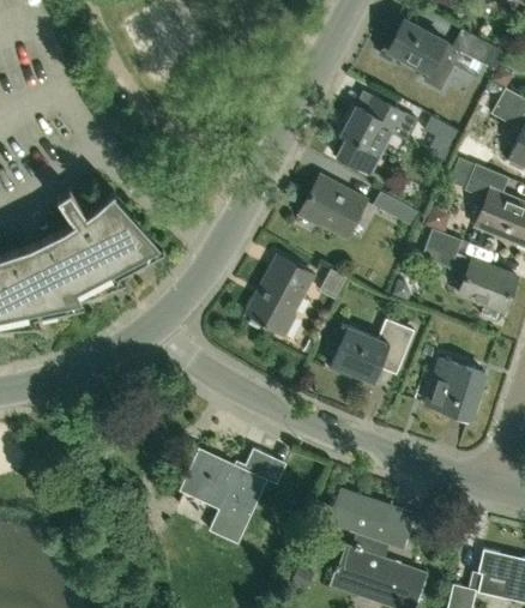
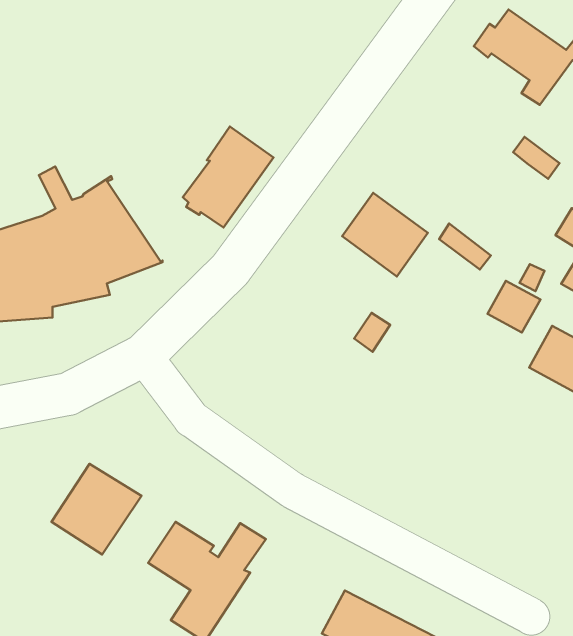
building: [334,100,416,175] -> none
building: [247,255,313,335] -> [183,127,274,228]
building: [330,320,414,384] -> none
building: [426,360,485,420] -> none
building: none -> [52,464,142,555]

